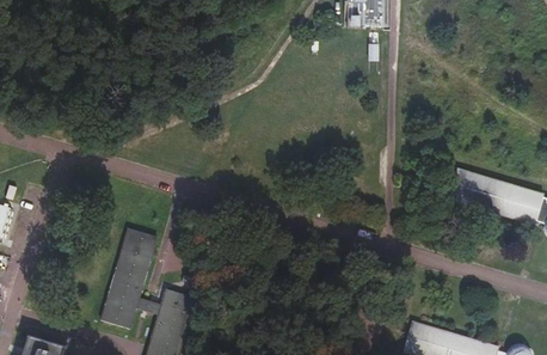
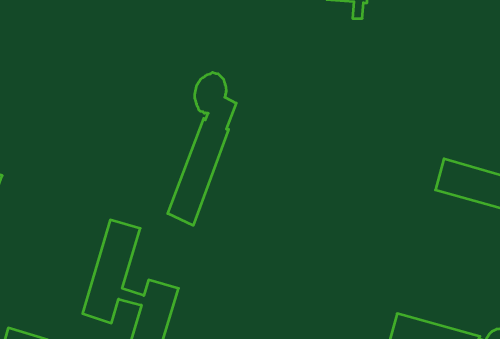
building: none -> [168,72,236,225]

